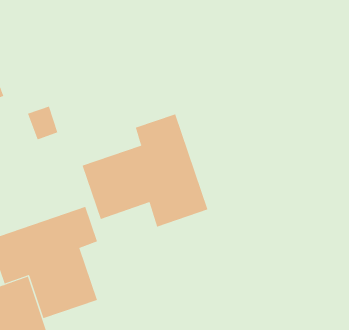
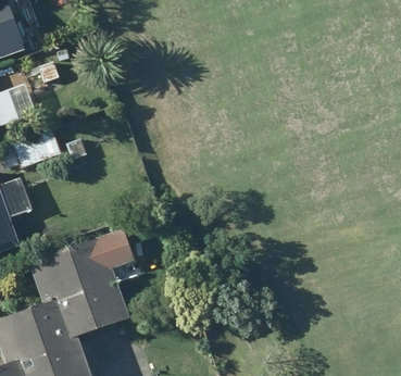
building: [82,114,208,227] -> none

